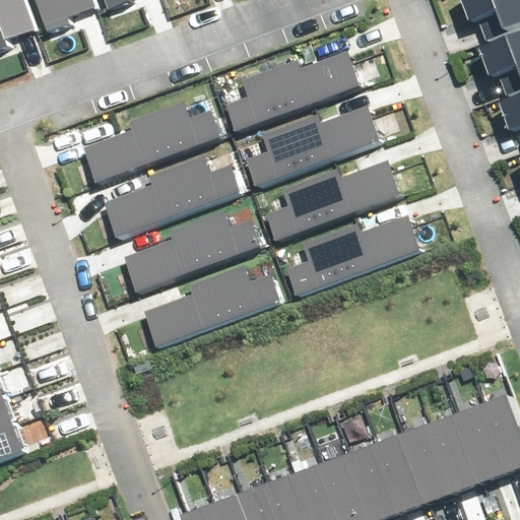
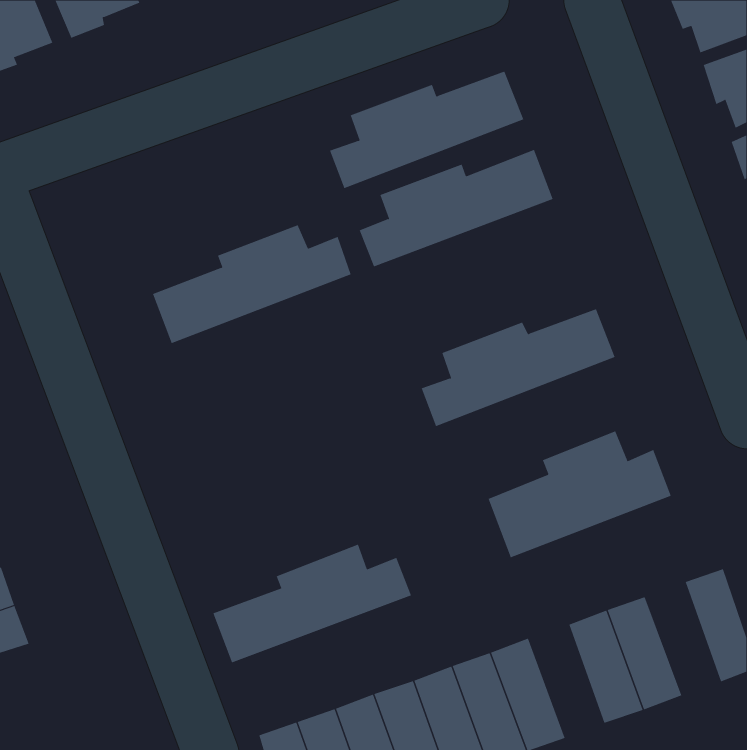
building: [85,104,222,186] -> none
building: [270,159,404,241] -> none
building: [125,210,262,292] -> none
building: [143,265,280,347] -> [212,544,412,663]
building: none -> [488,430,672,558]
building: [444,403,496,481] -> none
building: [364,433,415,511] -> none

